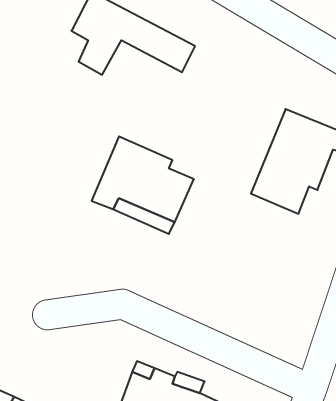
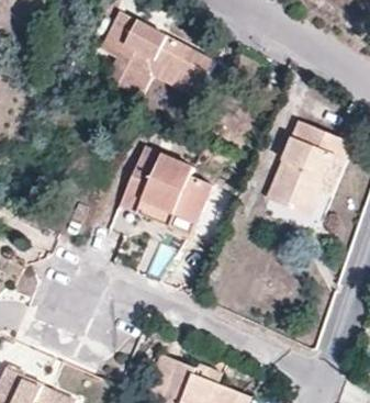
building: none -> [128,56,202,98]

